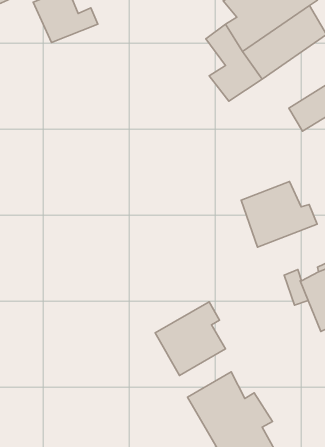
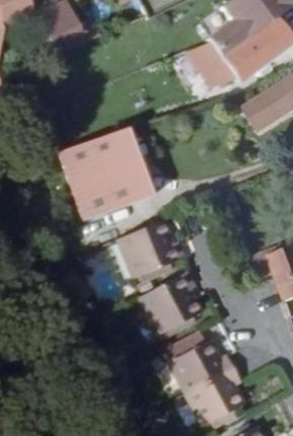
building: none -> [59,123,150,215]
building: [241,182,317,247] -> [123,223,189,280]

